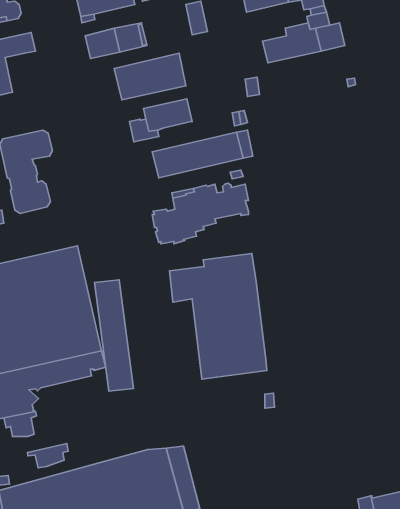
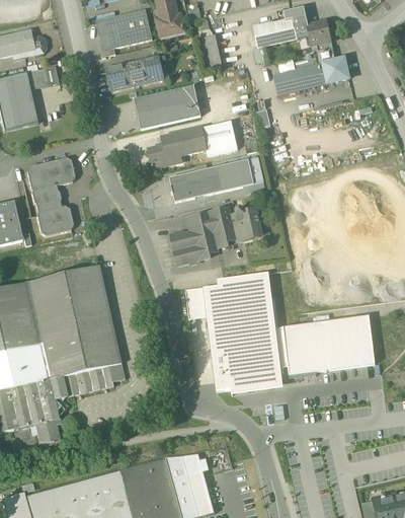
building: none -> [201,122,238,156]
building: [94,280,134,391] -> none
building: none -> [266,298,375,374]
building: [27,444,68,468] -> none

